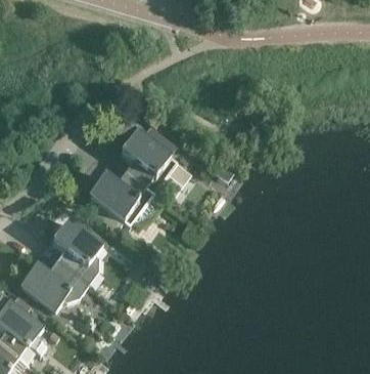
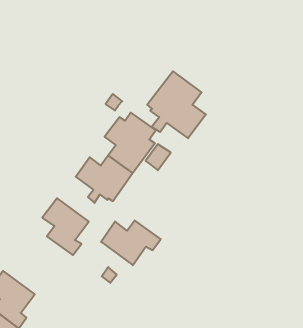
building: none -> [147,71,206,138]
building: [19,261,85,310] -> [101,220,161,265]

